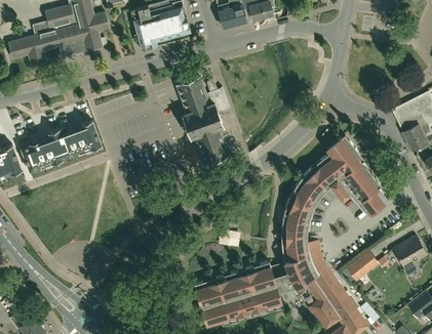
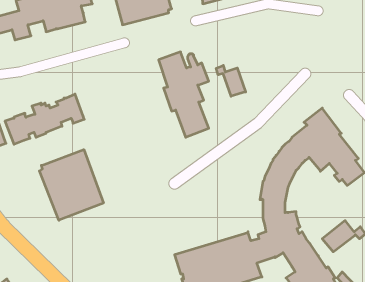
building: none -> [216,65,246,96]
building: none -> [39,150,103,220]

